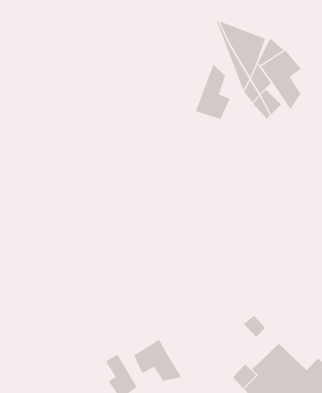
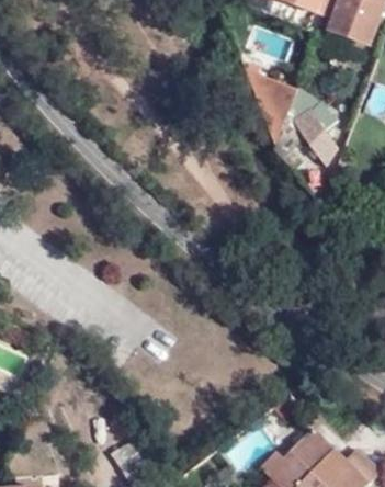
building: [195,63,231,120] -> none
building: [133,339,182,381] -> none

